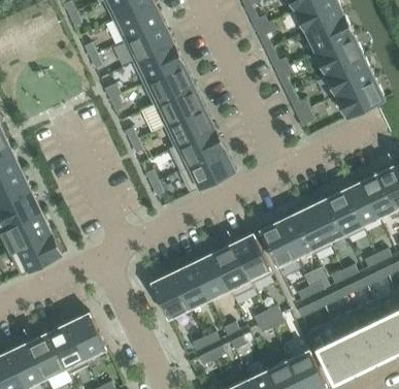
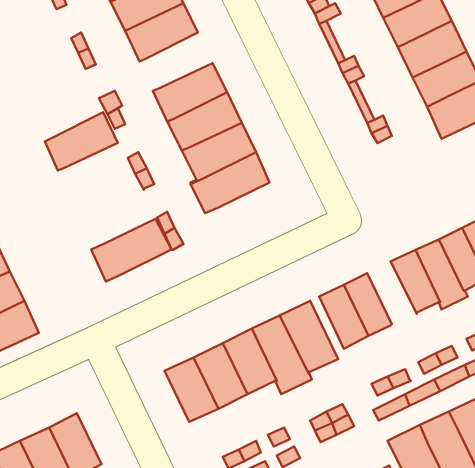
building: [133,43,185,85] -> [45,112,118,171]
building: [179,150,236,194] -> [91,219,172,281]
building: [294,205,332,255] -> none

